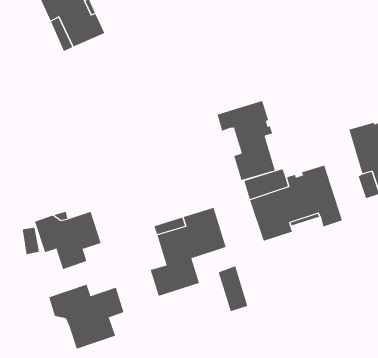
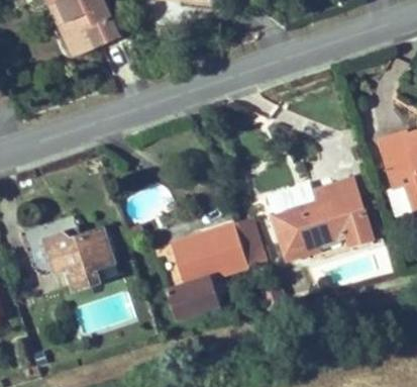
building: [217,100,276,181] -> none
building: [218,266,248,312] -> [234,216,267,266]
building: [48,284,124,350] -> none

